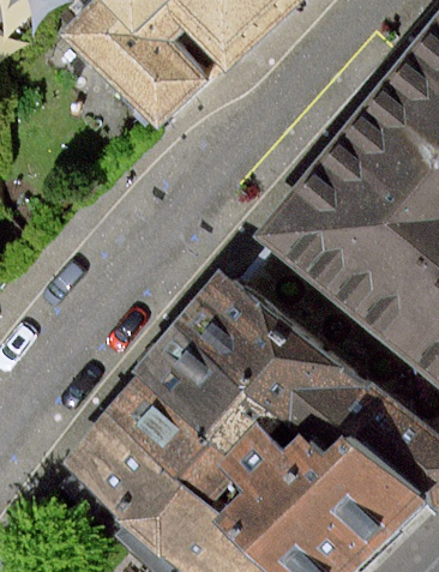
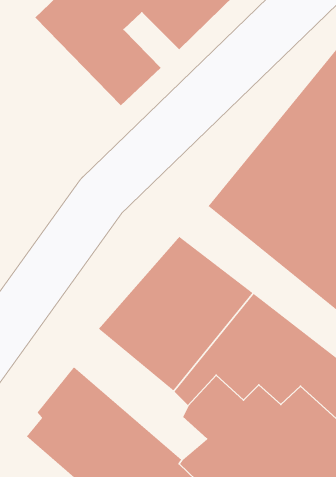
building: [108,369,253,512] -> none

